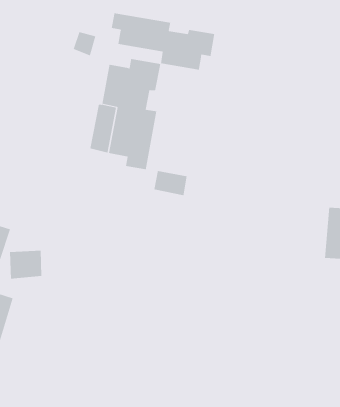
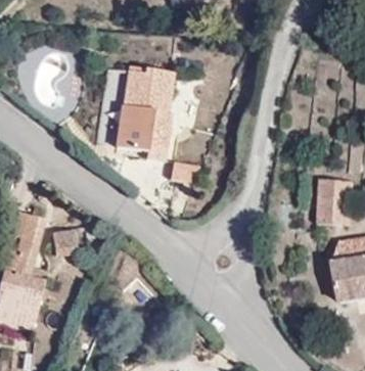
building: [111,12,215,71] -> none

